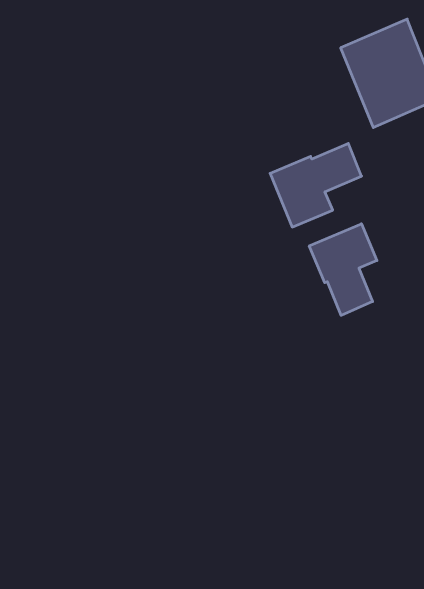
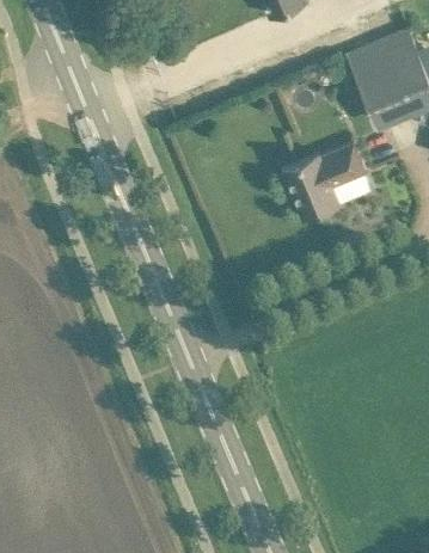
building: [309,224,377,315] -> none

